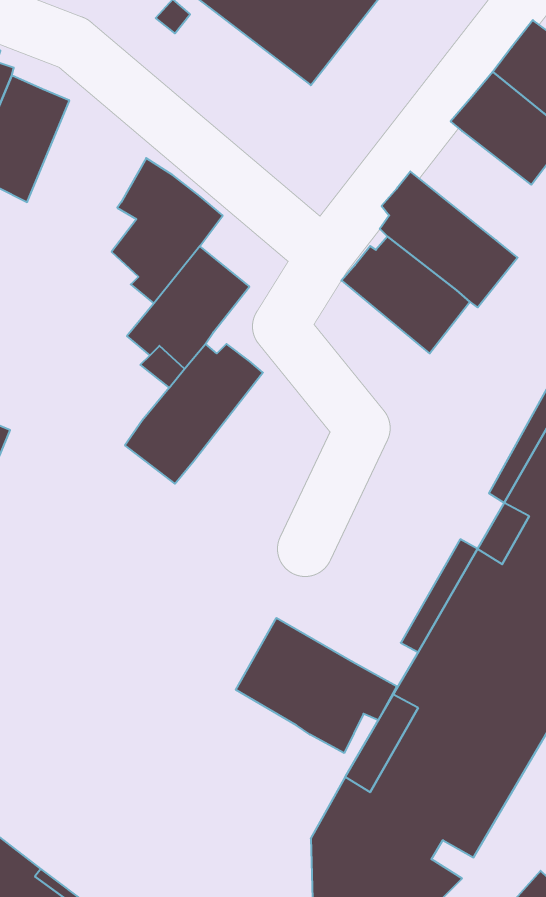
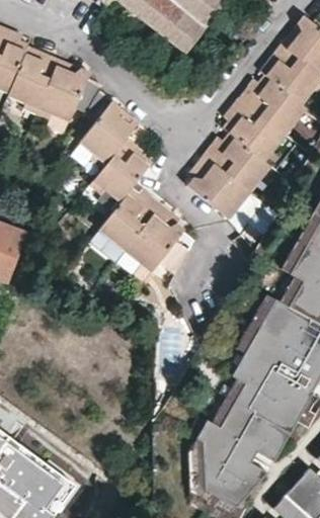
building: none -> [36,60,101,120]
building: none -> [239,76,305,134]
building: none -> [187,155,249,219]
building: none -> [125,203,182,271]
building: [236,618,397,753] -> none

